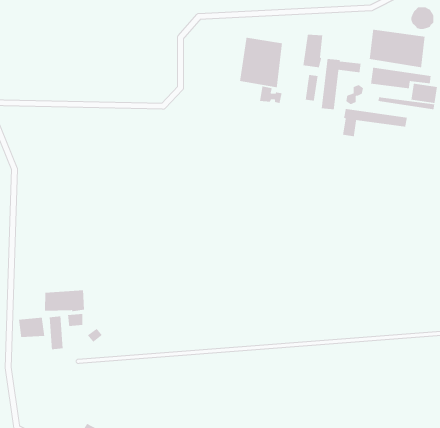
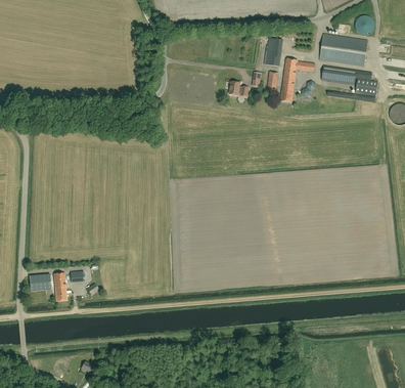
building: [239,37,283,88] -> none
building: [342,108,408,137] -> none
building: [44,289,85,312] -> none

